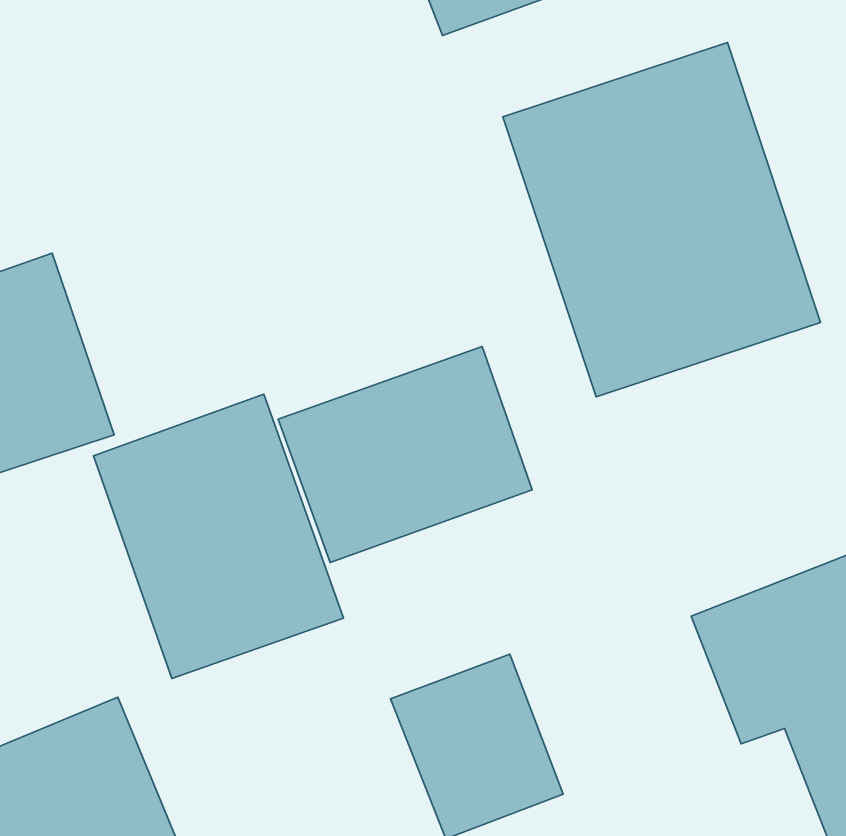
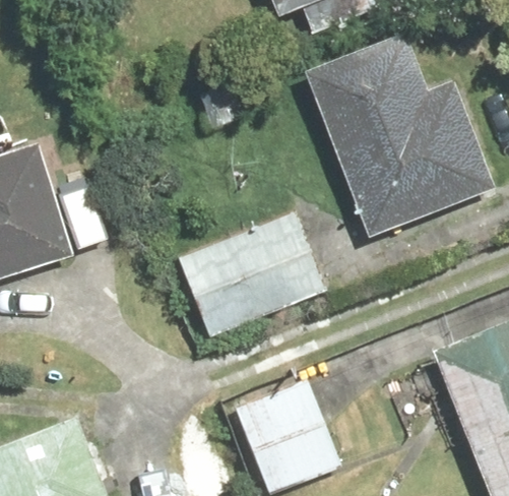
building: [93,394,344,679] -> none

